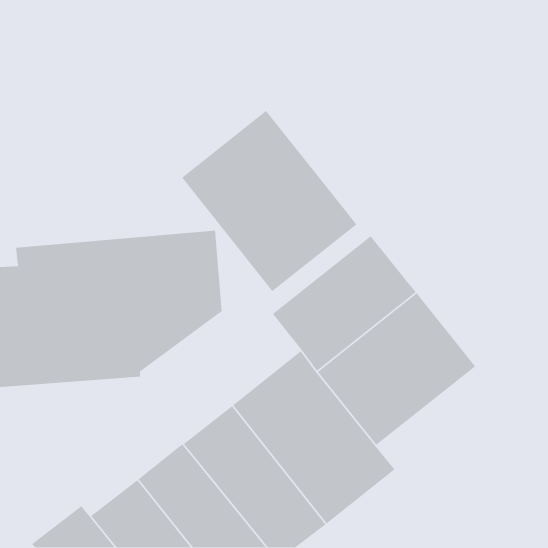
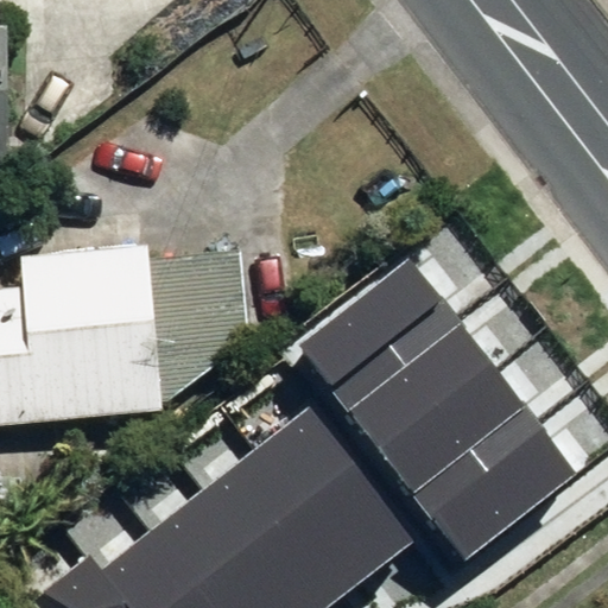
building: [181,110,358,292] -> none
building: none -> [416,405,577,557]

